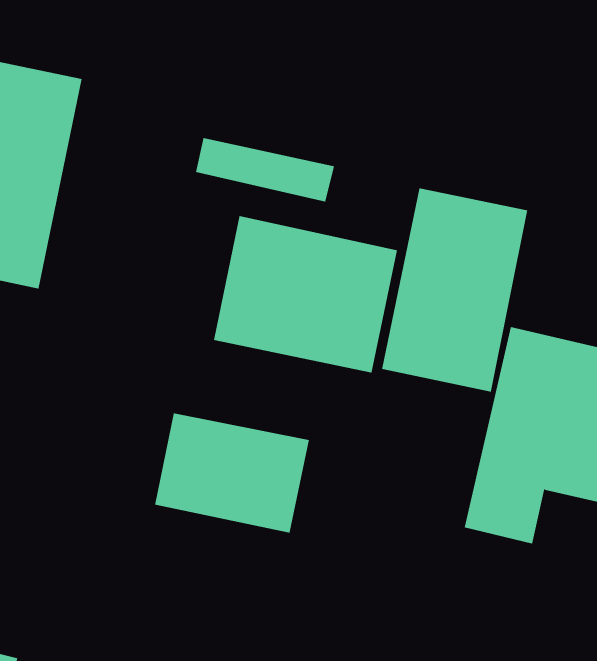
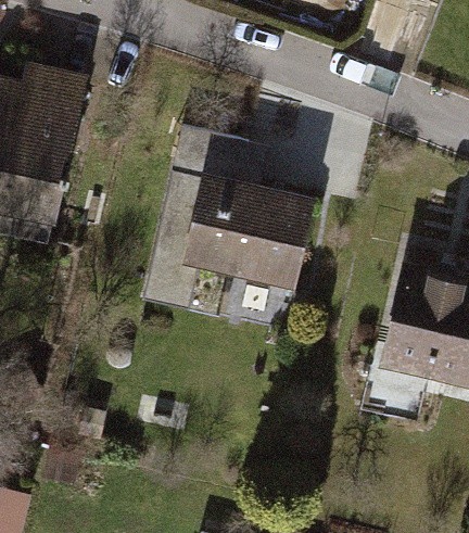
building: [382,187,528,393] -> none
building: [154,413,309,533] -> none

